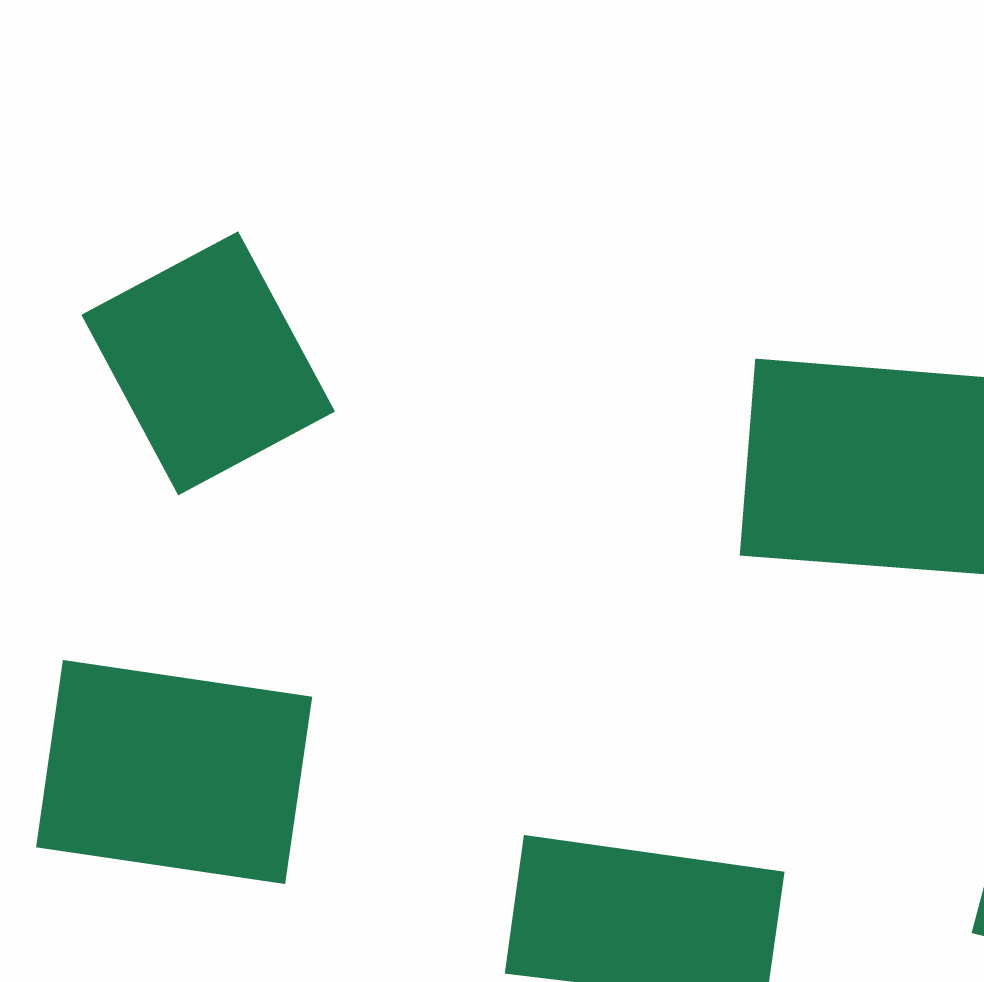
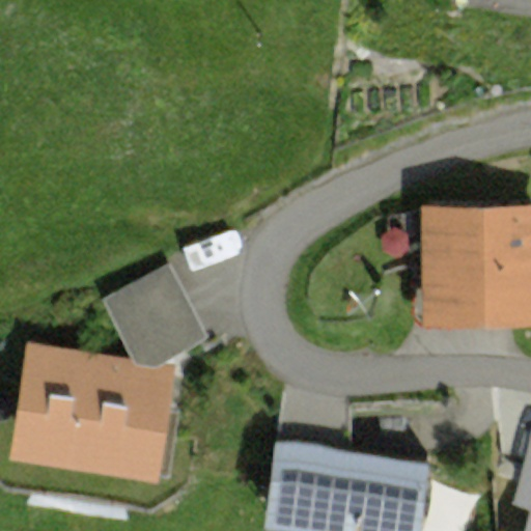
building: [80,230,336,497] -> none
building: none -> [115,276,204,369]

